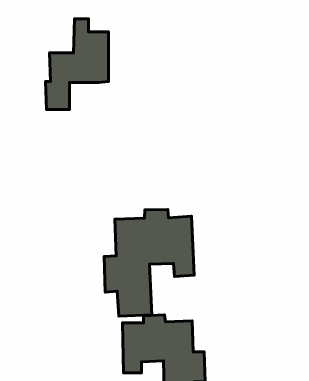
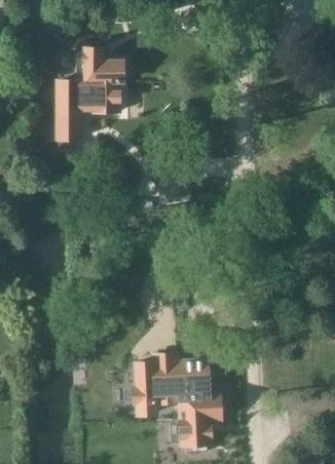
building: [104,210,194,316] -> none

